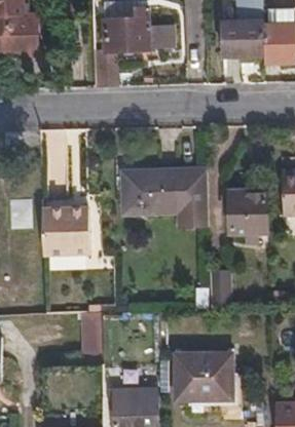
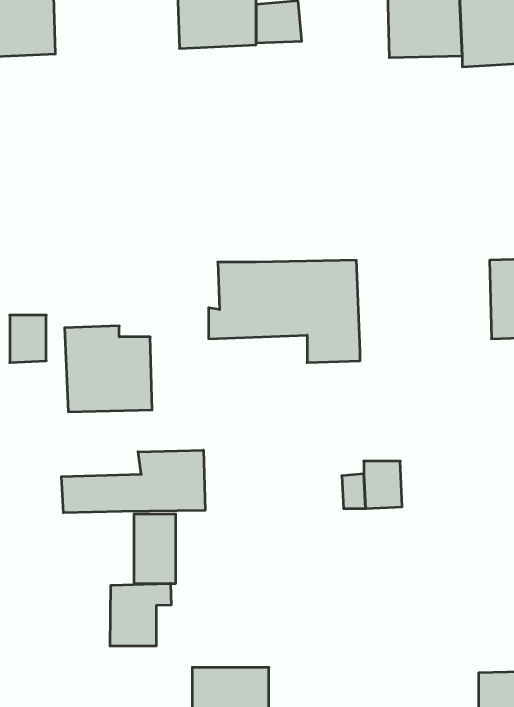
building: [222,190,265,232] -> none
building: none -> [61,450,205,513]
building: none -> [110,583,171,646]
building: [174,352,230,397] -> none

